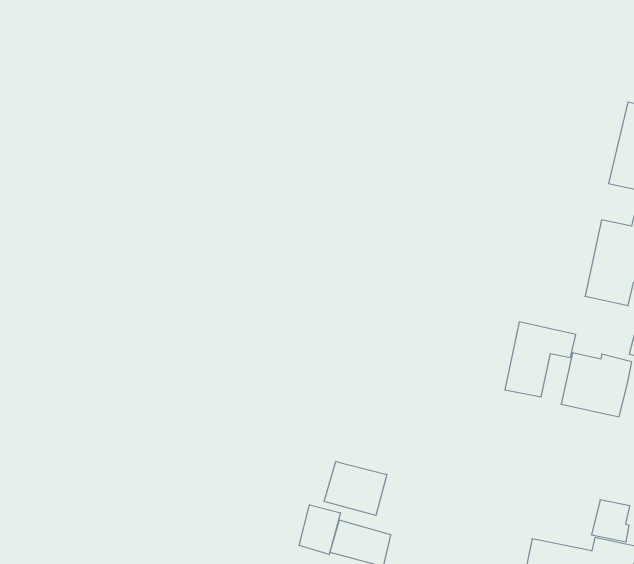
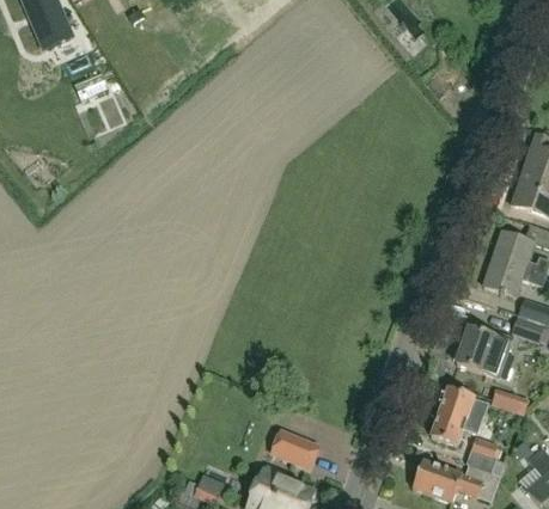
building: [505,322,576,397] -> [429,386,487,443]
building: [324,461,387,515] -> none
building: [299,505,341,555] -> none

